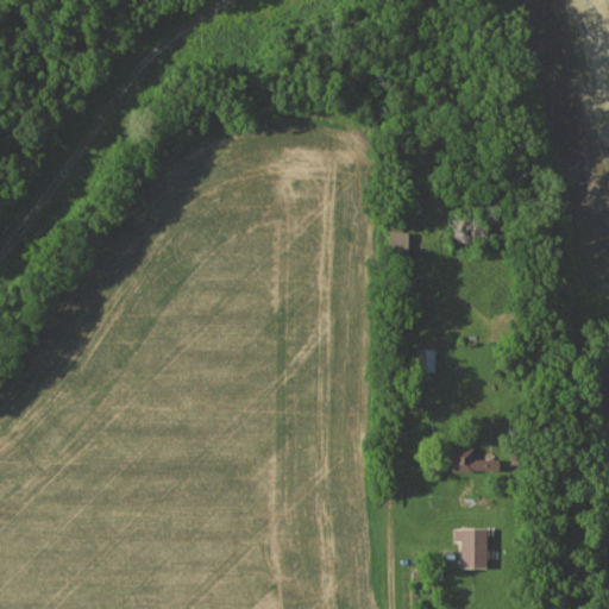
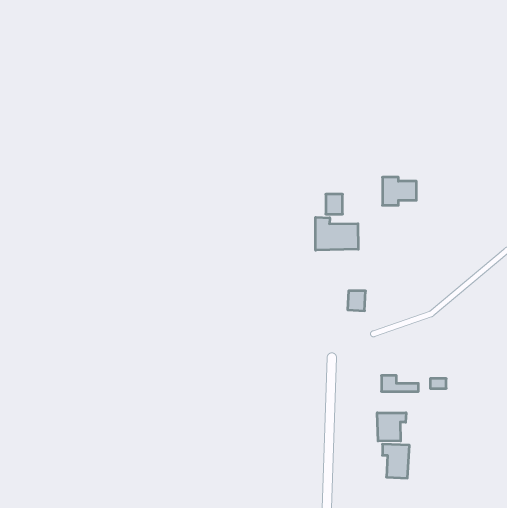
building: none -> [316,217,358,250]
building: none -> [377,413,406,441]

